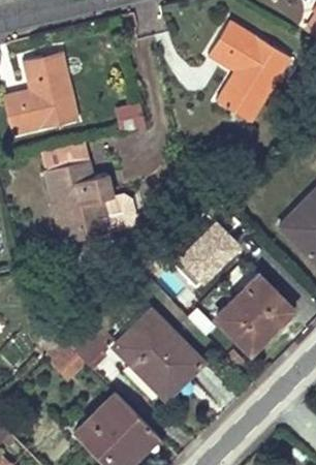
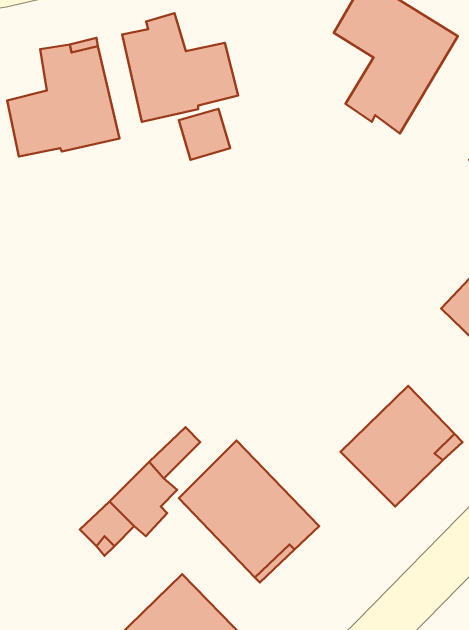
building: none -> [122,13,238,122]
building: [48,159,138,242] -> none
building: [169,216,243,289] -> none

